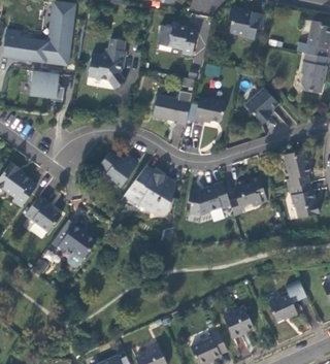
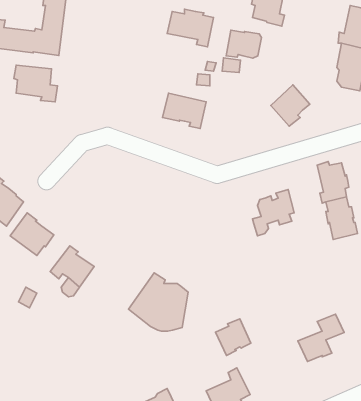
building: [89,37,127,88] -> none
building: [195,97,225,121] -> [226,30,261,58]
building: [101,152,138,187] -> none
building: [125,164,175,213] -> [128,273,188,331]
building: [189,180,231,214] -> none
building: [224,305,254,336] -> [215,319,251,355]

